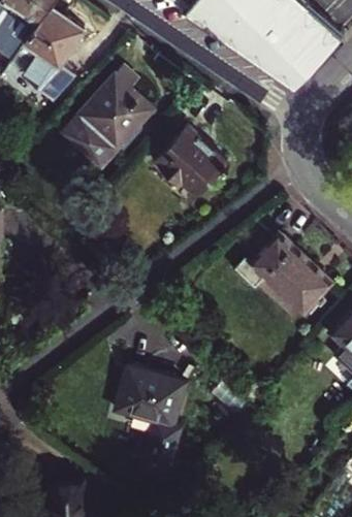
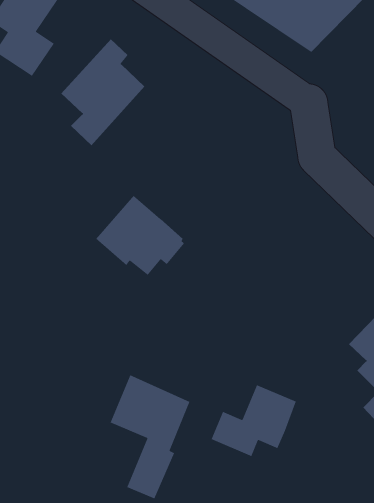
building: [150,126,227,196] -> [95,195,185,276]
building: [234,234,331,313] -> none
building: none -> [211,384,297,457]

